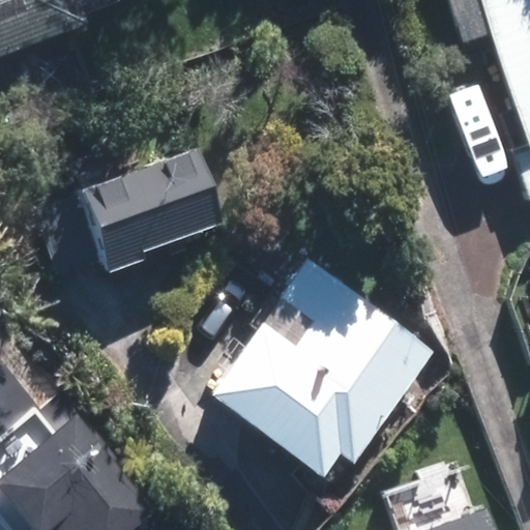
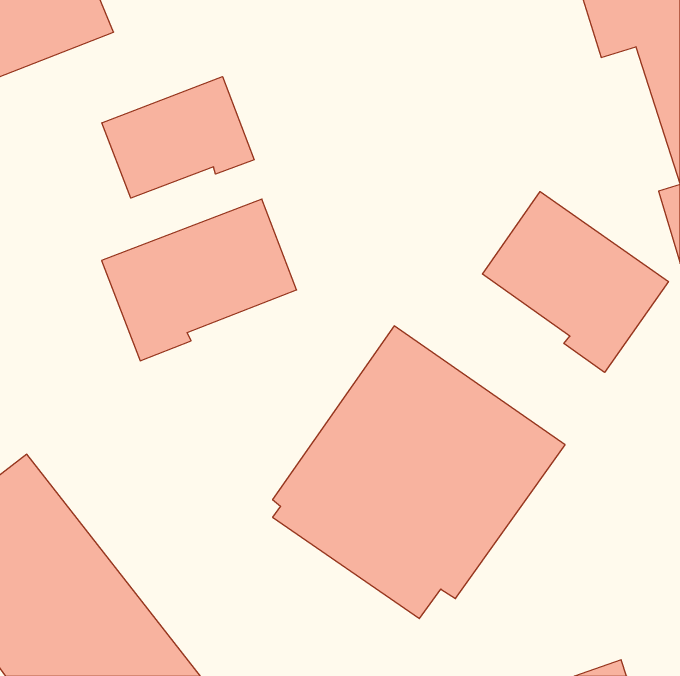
building: none -> [102,77,254,198]
building: none -> [482,192,668,372]

